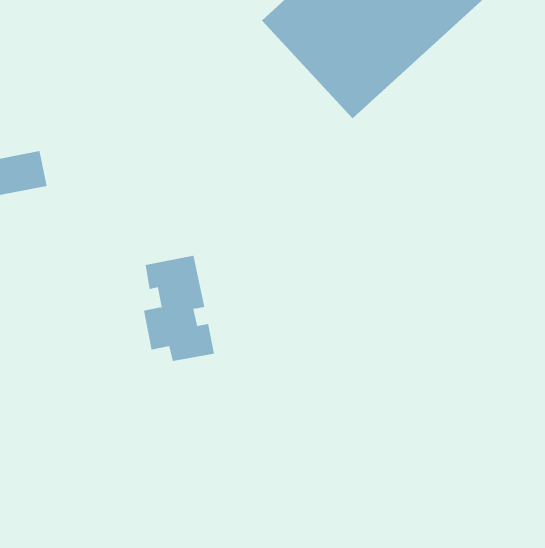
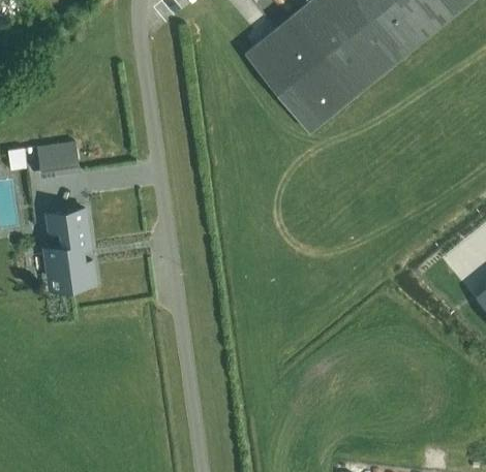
building: [143,255,215,362] -> [43,209,95,287]

